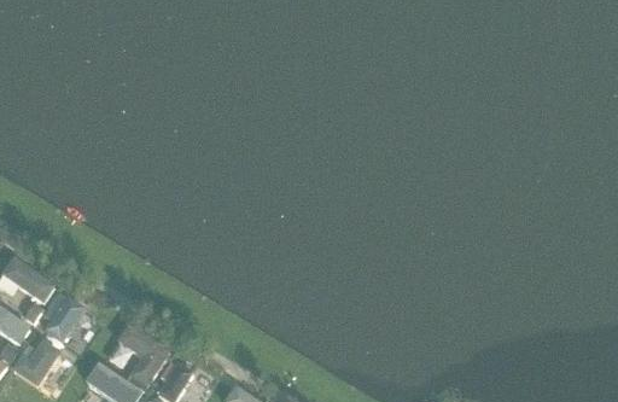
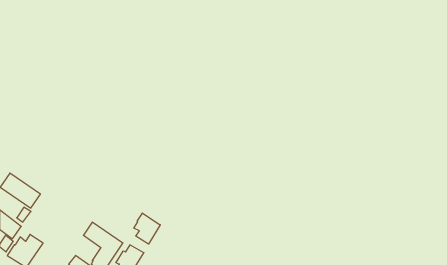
building: [42,292,84,342] -> none
building: none -> [134,213,160,244]

